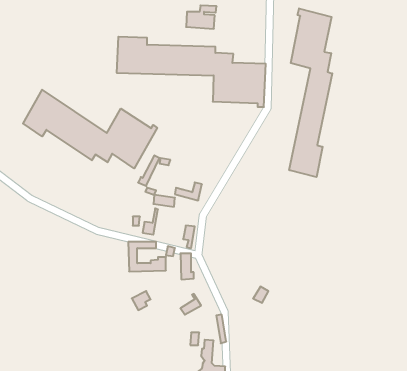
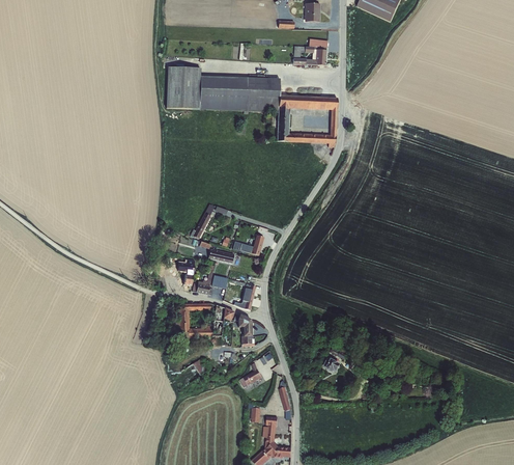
building: [186,5,217,29] -> [293,38,329,65]
building: [289,8,332,177] -> none
building: [23,90,157,168] -> none

